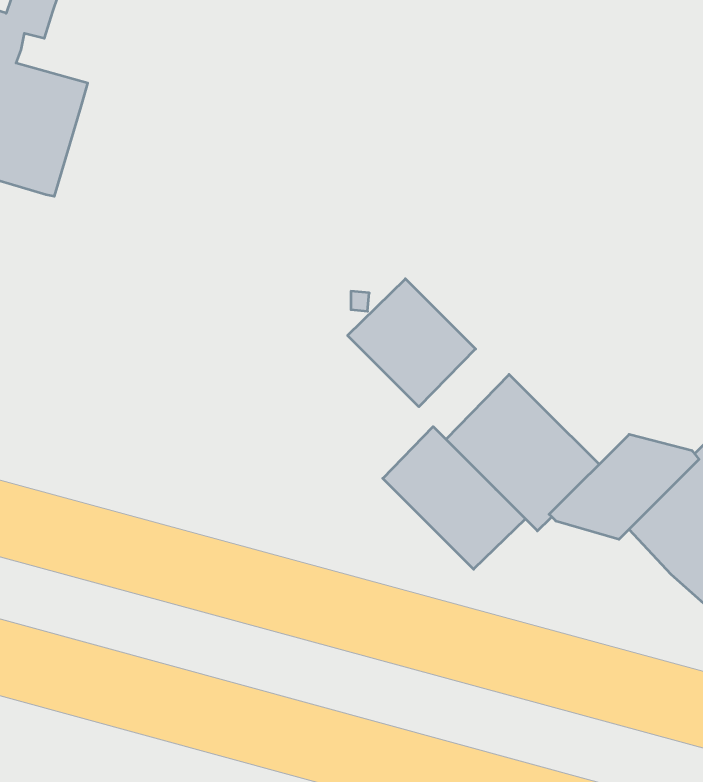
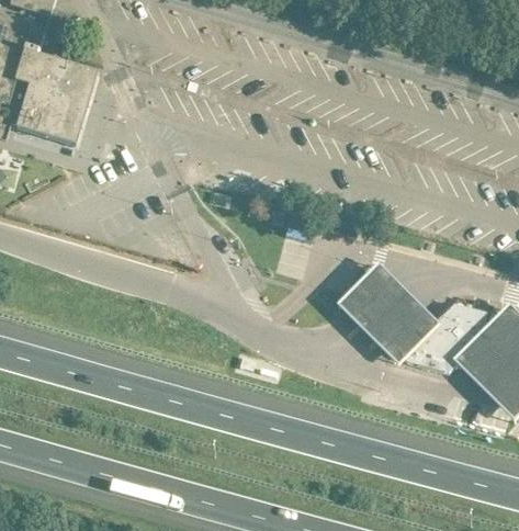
building: [348,279,476,407] -> none
building: [383,427,526,569] -> none

